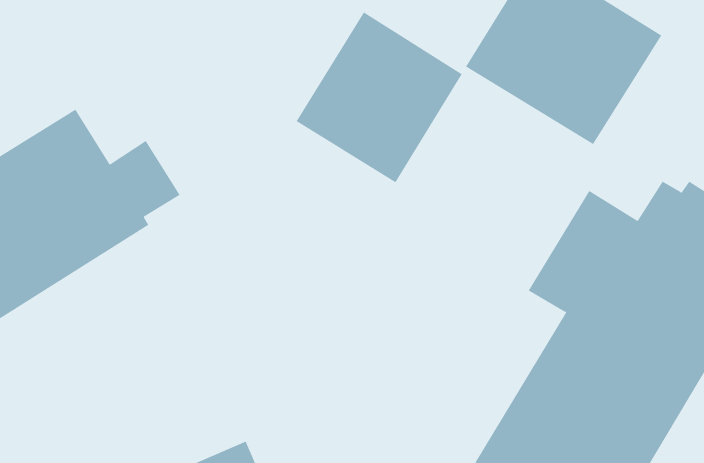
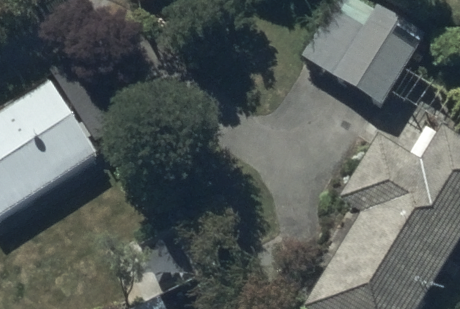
building: [296,11,462,183] -> none

